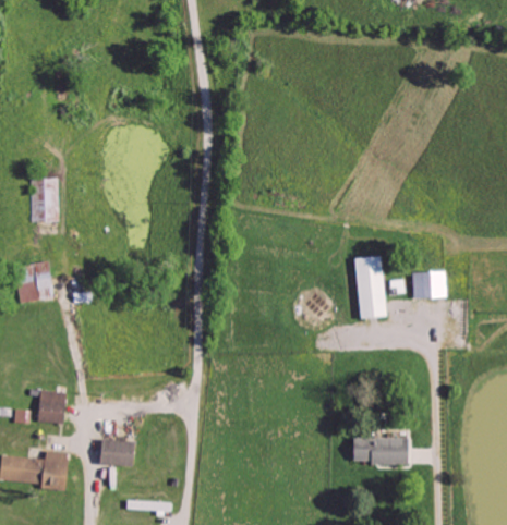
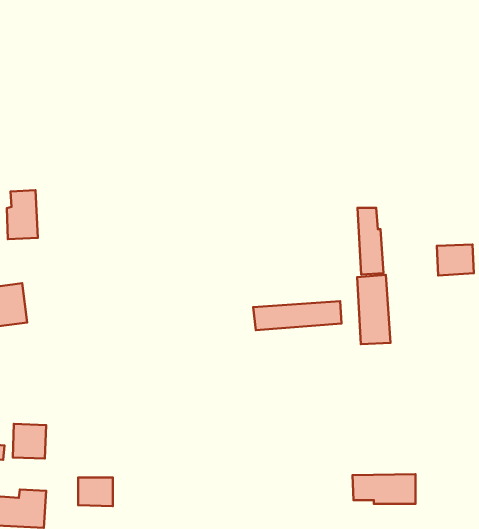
building: none -> [357,208,383,275]
building: [412,270,446,298] -> [437,245,474,276]
building: none -> [253,301,341,330]

